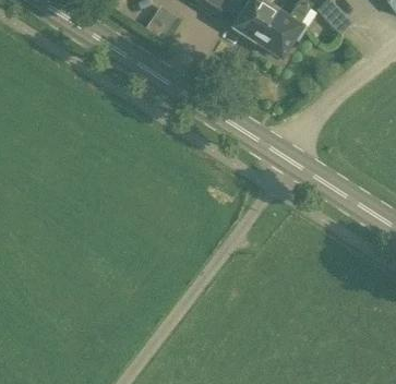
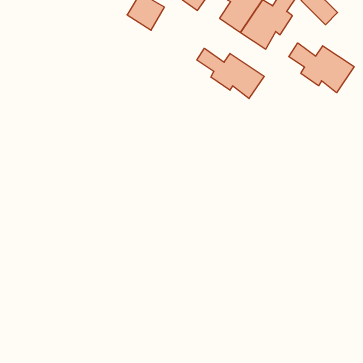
building: none -> [289,43,354,93]
building: none -> [197,48,264,99]

